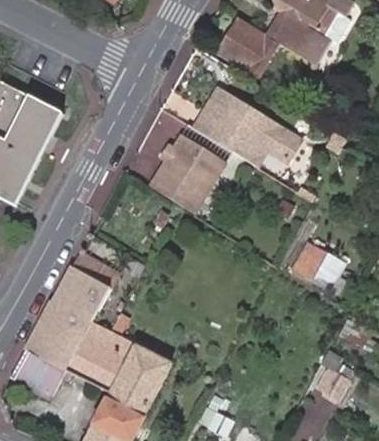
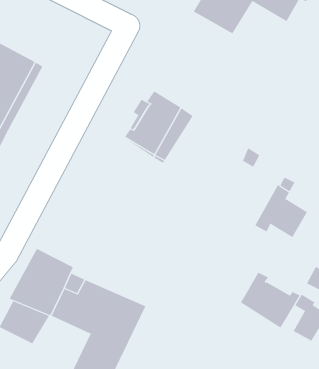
building: [187,85,295,168] -> none
building: [52,252,112,320] -> none
building: none -> [240,272,301,329]

